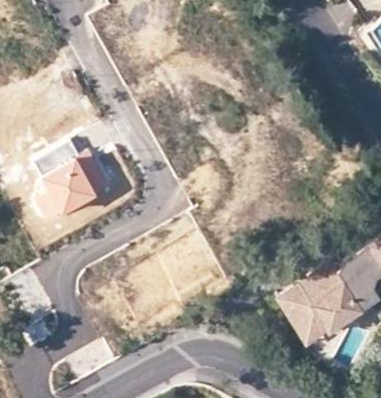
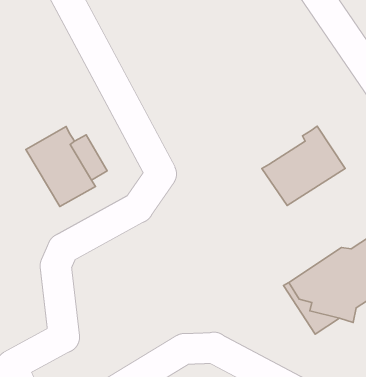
building: none -> [262,126,345,206]

